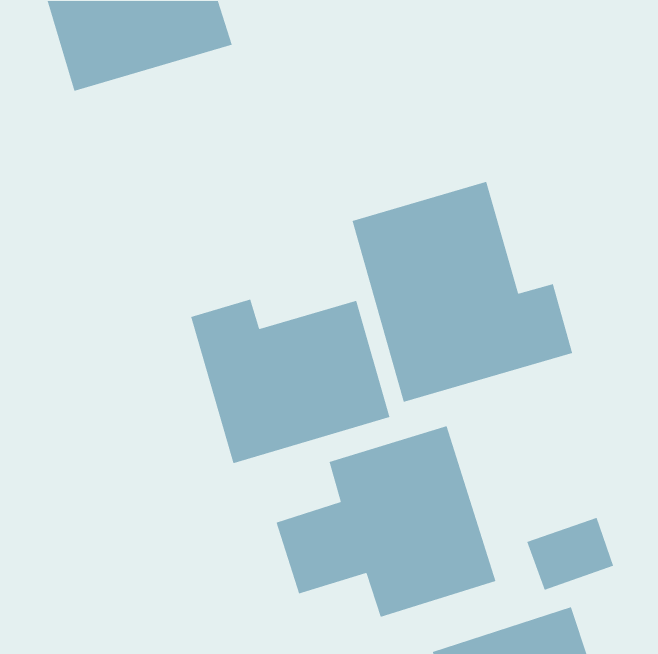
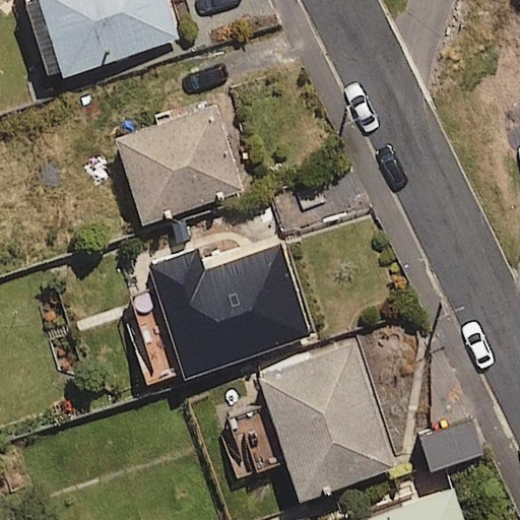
building: none -> [117,111,242,228]
building: [352,181,573,403] -> none

